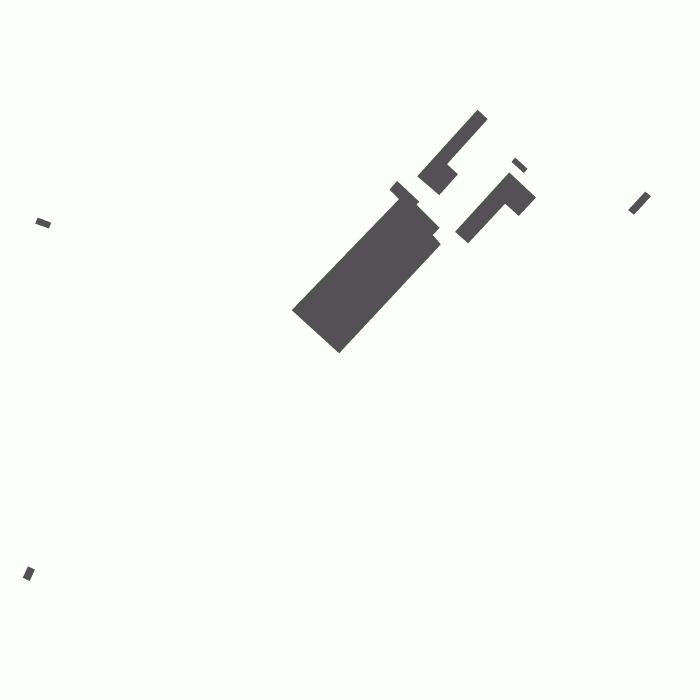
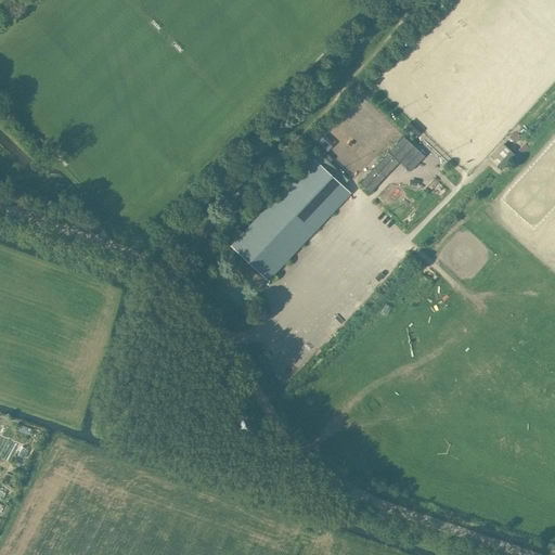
building: [416,109,488,196] -> none

